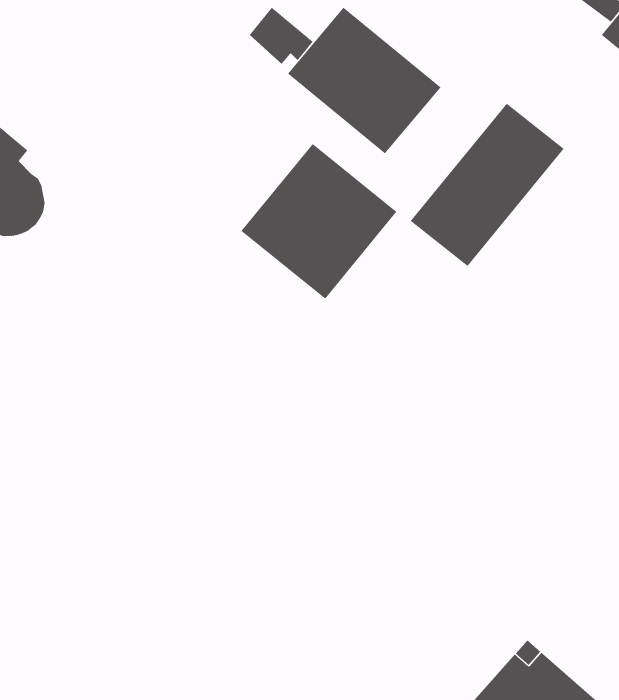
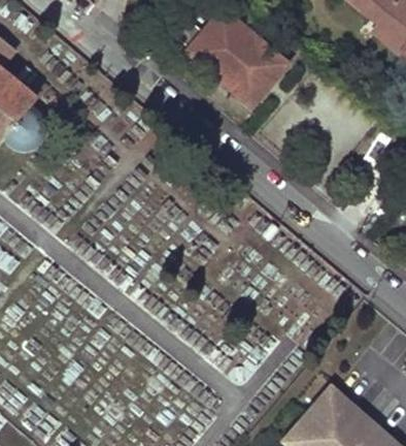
building: [410,103,564,267] -> none
building: [241,143,397,299] -> none

